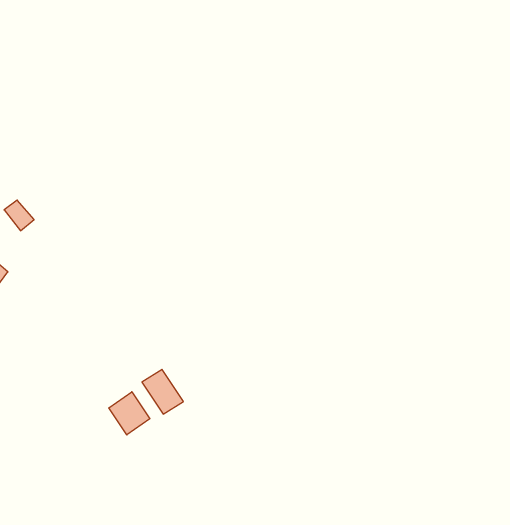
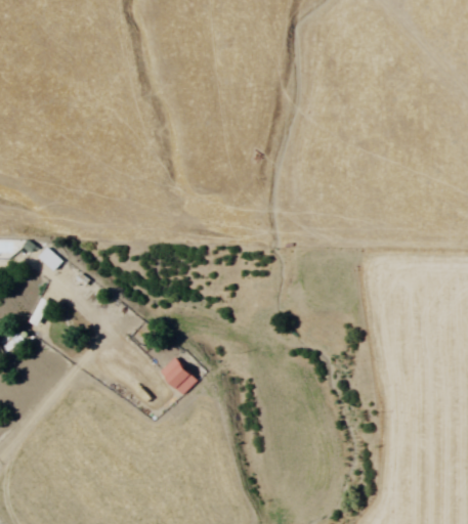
building: [109,392,150,435] -> none

